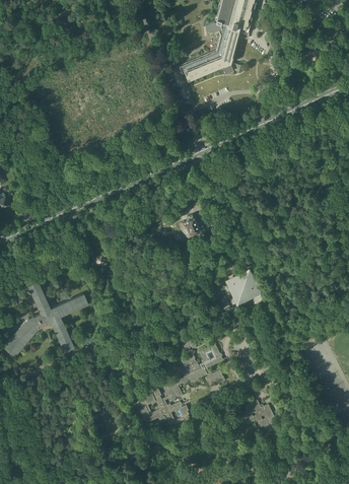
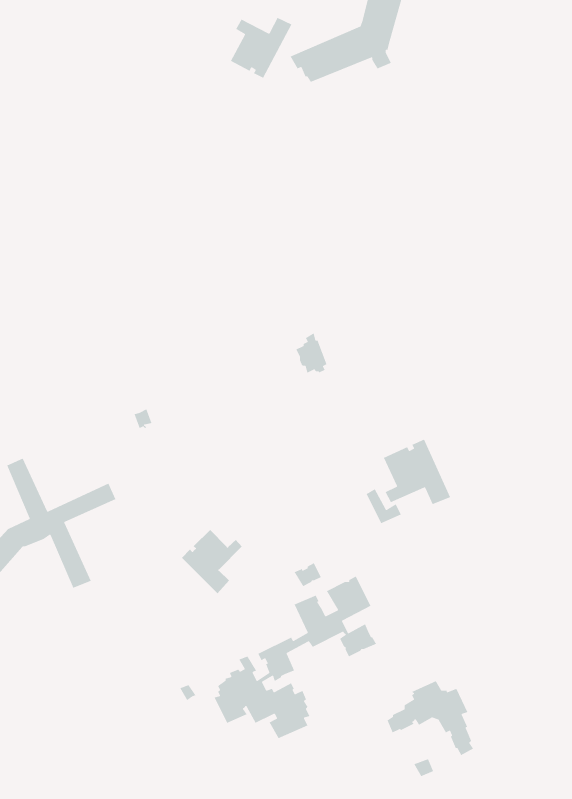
building: none -> [230,17,292,79]
building: none -> [181,529,243,594]

